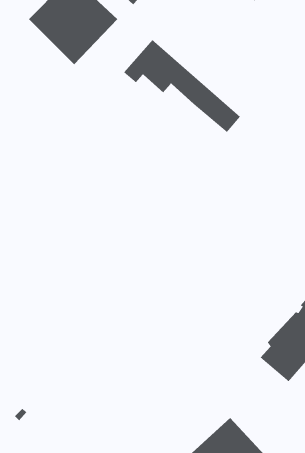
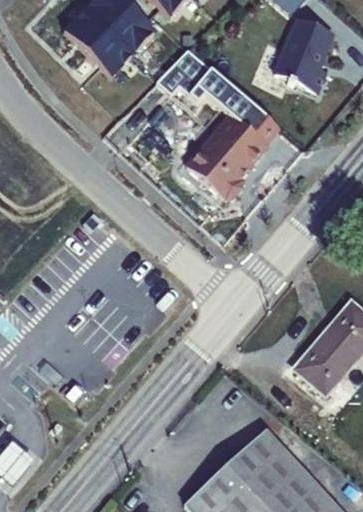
building: none -> [275,18,334,91]
building: none -> [185,114,265,196]

